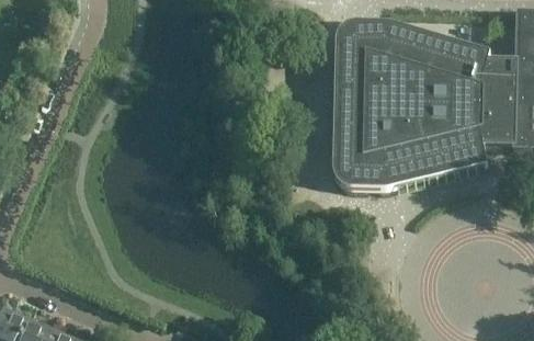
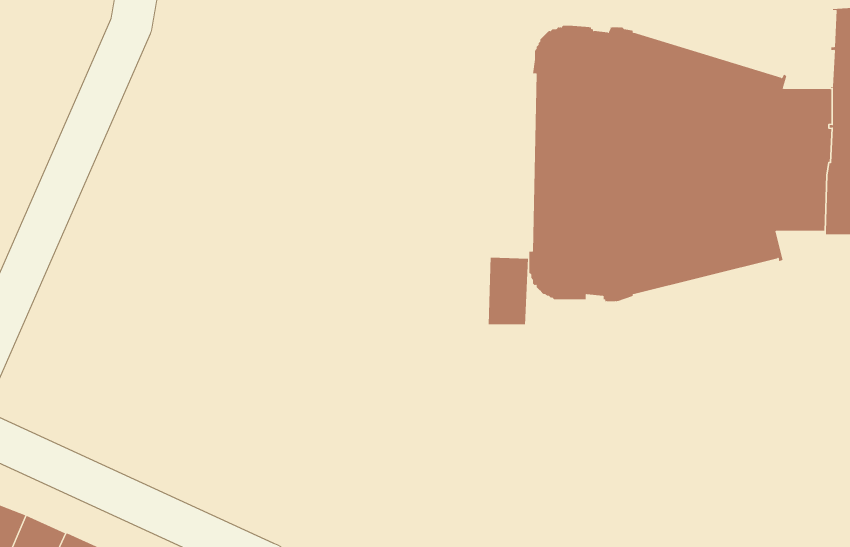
building: none -> [488,257,529,325]

